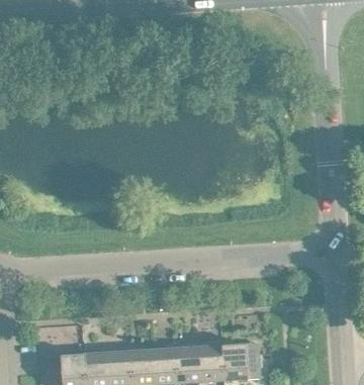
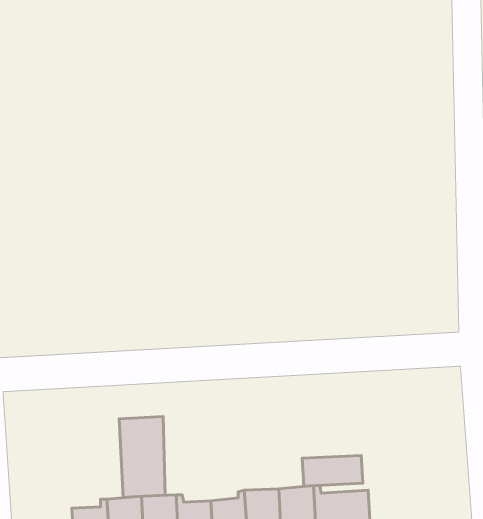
building: none -> [119,417,165,497]
building: none -> [302,455,363,486]

